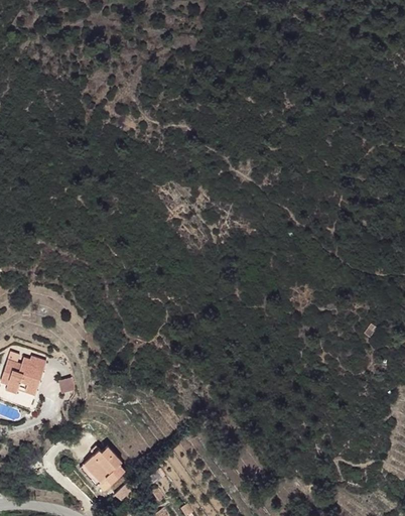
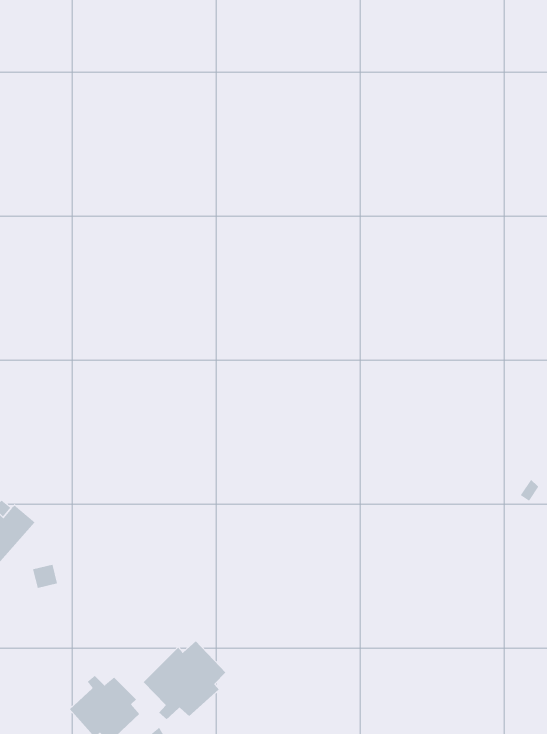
building: none -> [143,640,226,720]

